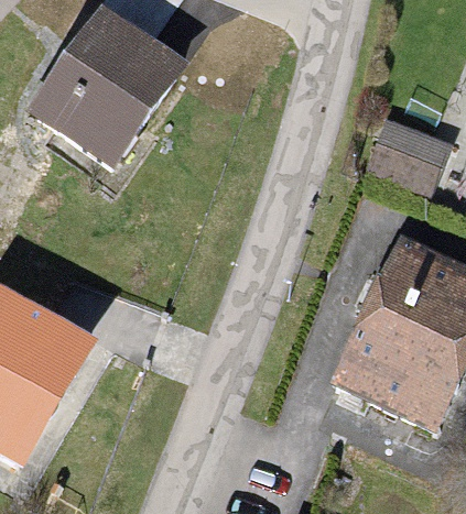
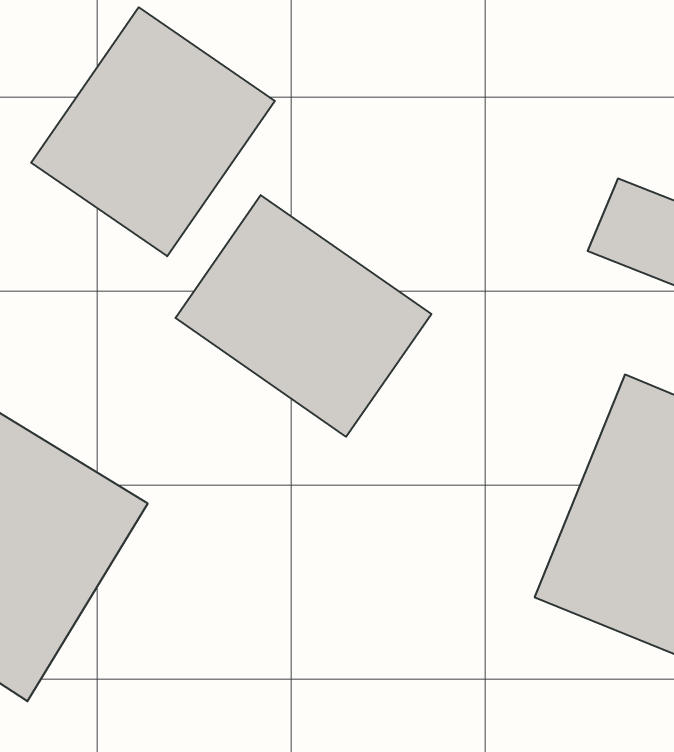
building: none -> [175,195,431,437]

